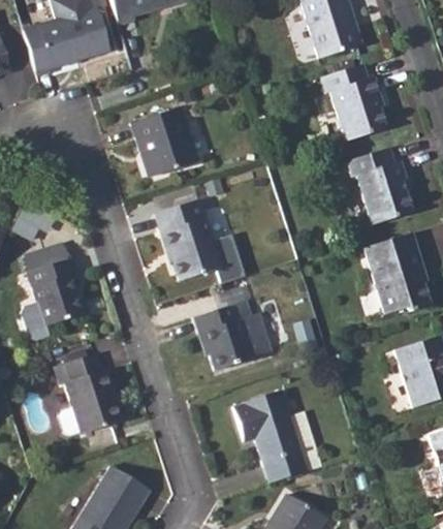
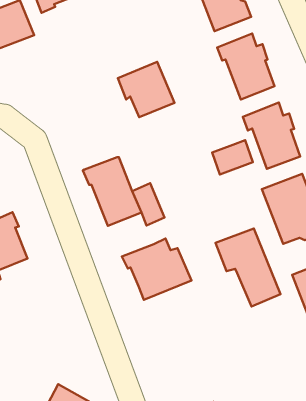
building: [132,112,197,176] -> [118,62,174,117]
building: none -> [212,140,253,175]
building: [59,352,123,436] -> none
building: [232,390,306,481] -> [215,228,280,306]

